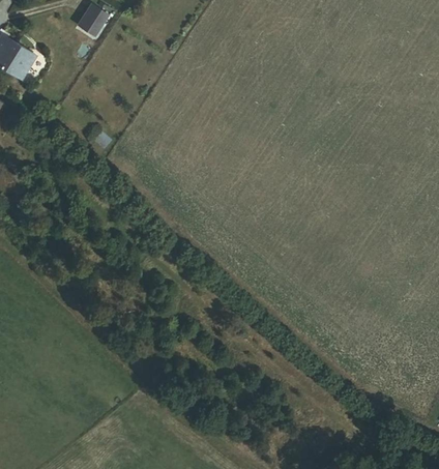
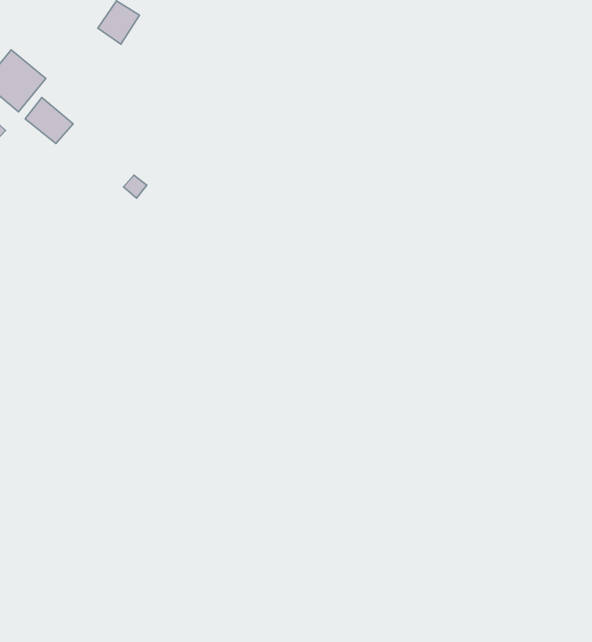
building: none -> [25,98,73,143]

